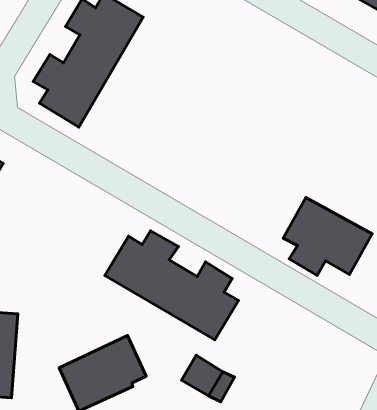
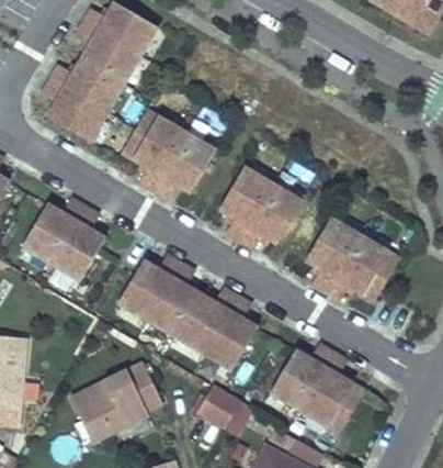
building: none -> [118,112,213,200]
building: none -> [218,168,300,249]
building: none -> [20,194,103,277]
building: none -> [270,343,364,432]

